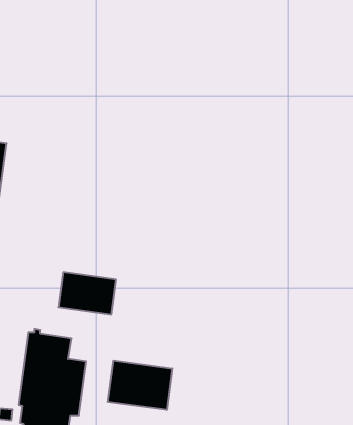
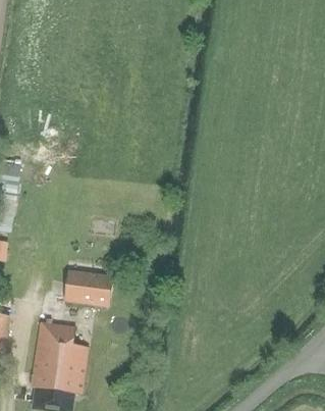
building: [108,361,172,410] -> none

